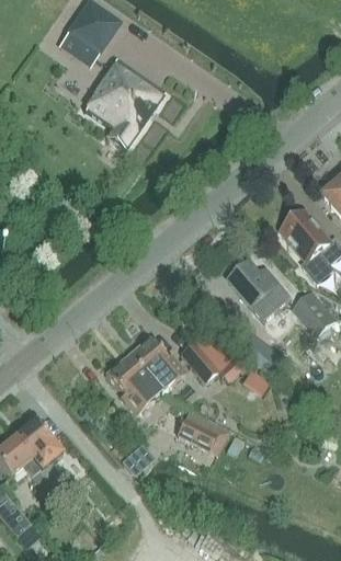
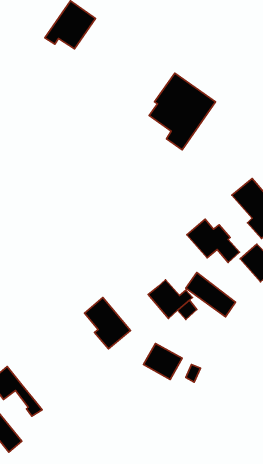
building: [84,58,163,149] -> [149,73,215,150]
building: [127,335,186,393] -> none
building: [13,419,65,488] -> none

